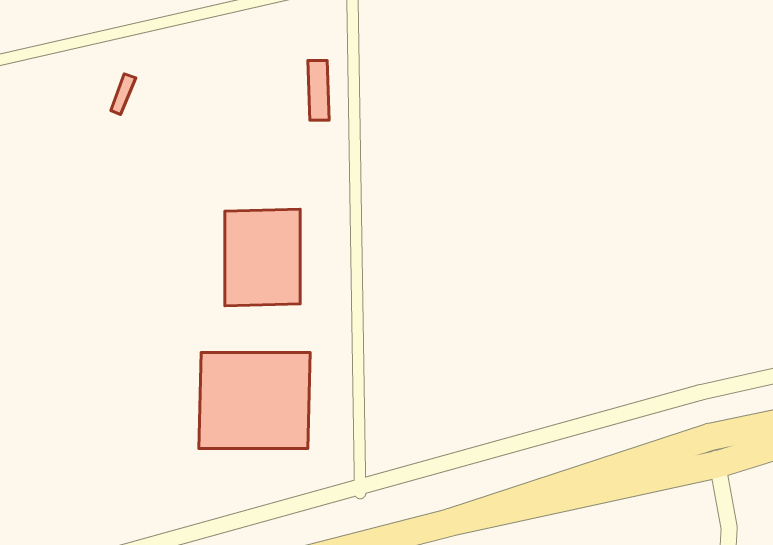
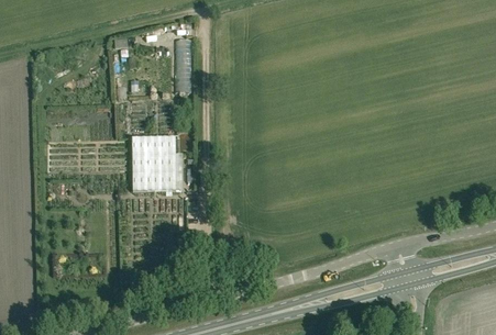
building: [199,352,310,449] -> none

